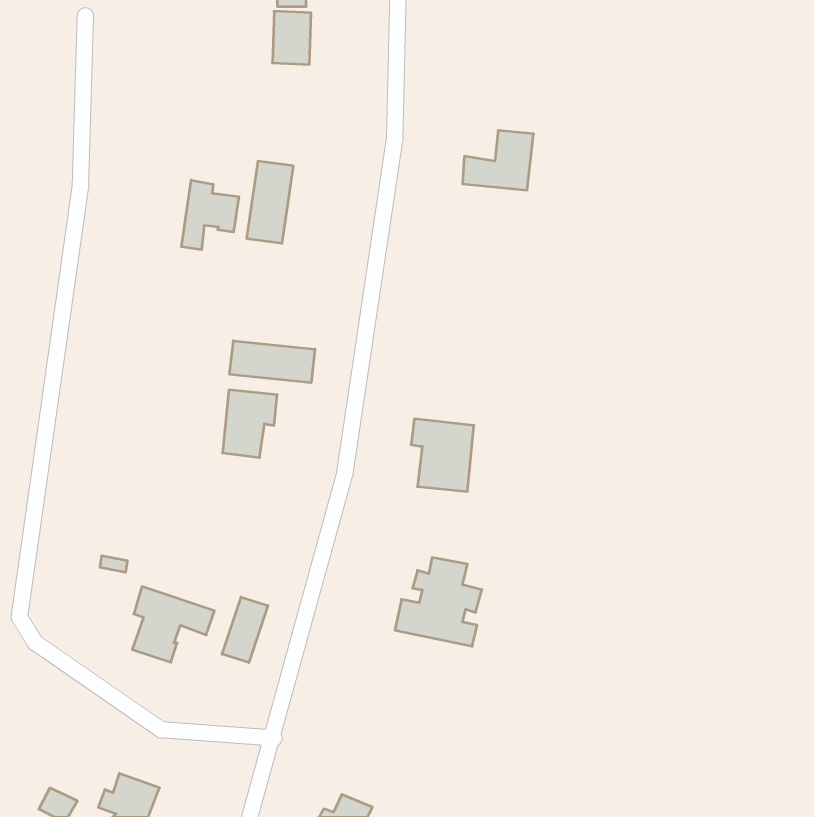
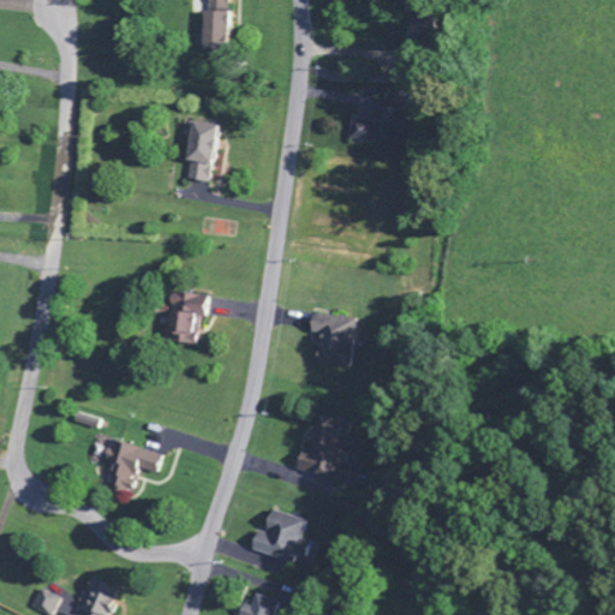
building: [181,180,239,250] -> none
building: [230,341,315,383] -> none
building: [222,597,268,663] -> none
building: none -> [249,508,309,562]

